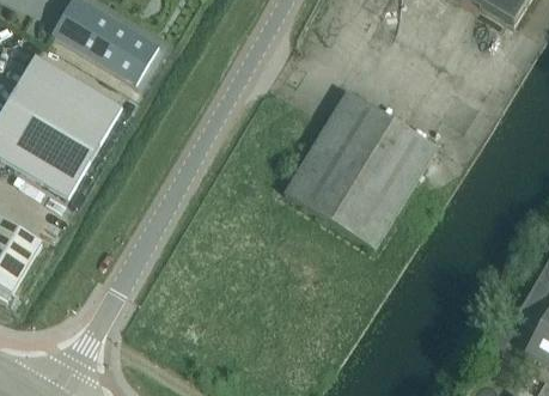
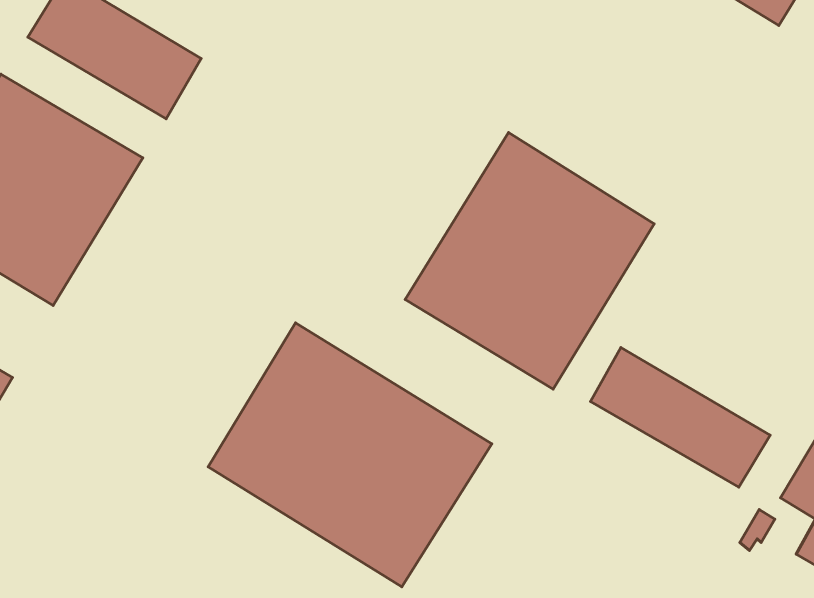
building: none -> [208,323,492,587]
building: none -> [591,348,770,487]

